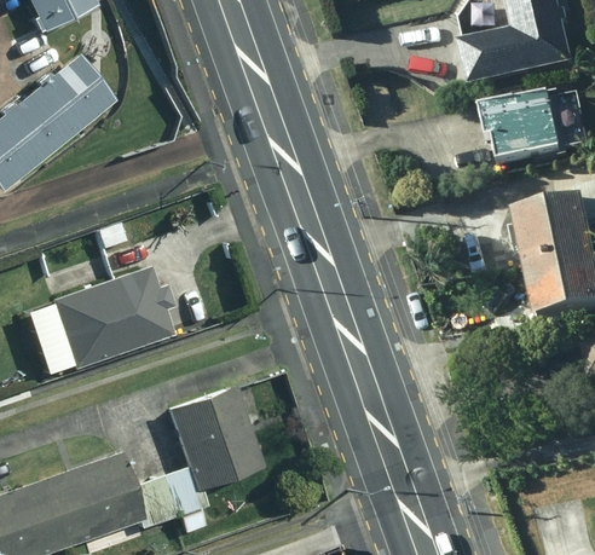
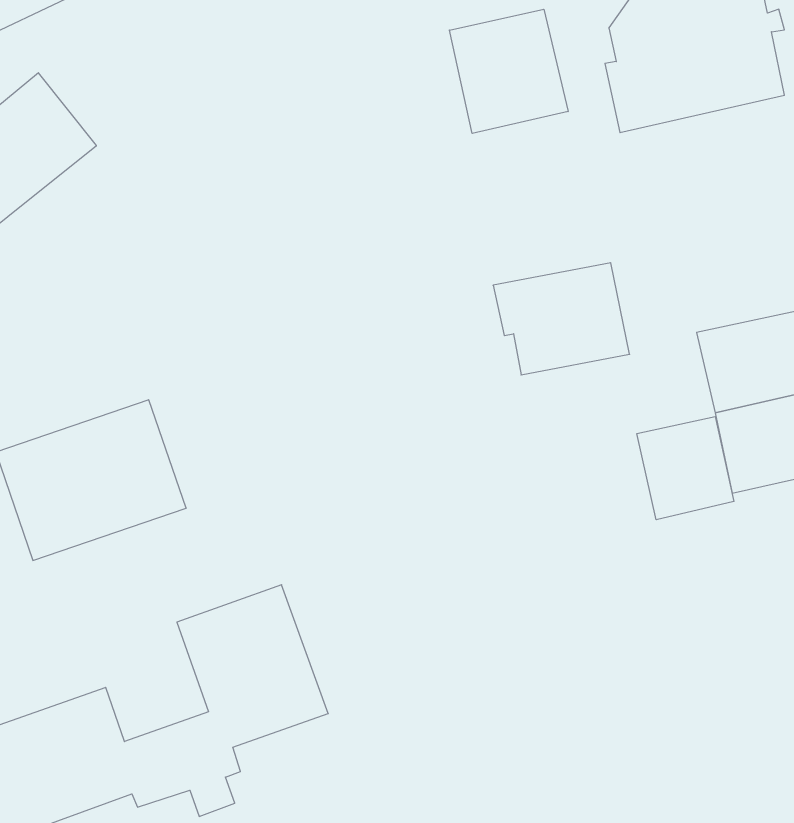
building: none -> [449,9,568,133]
building: [468,96,556,168] -> [493,263,630,375]
building: none -> [637,417,734,520]

